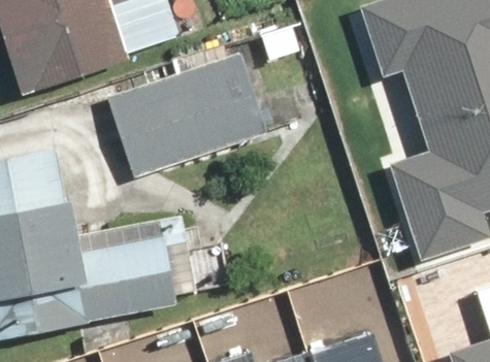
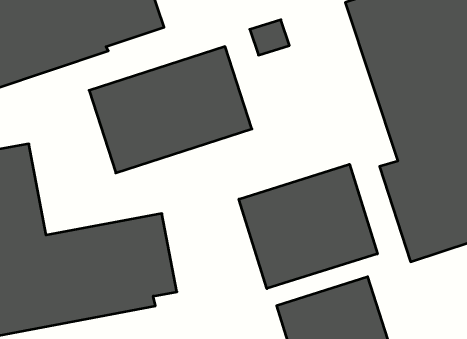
building: none -> [239,164,377,289]

